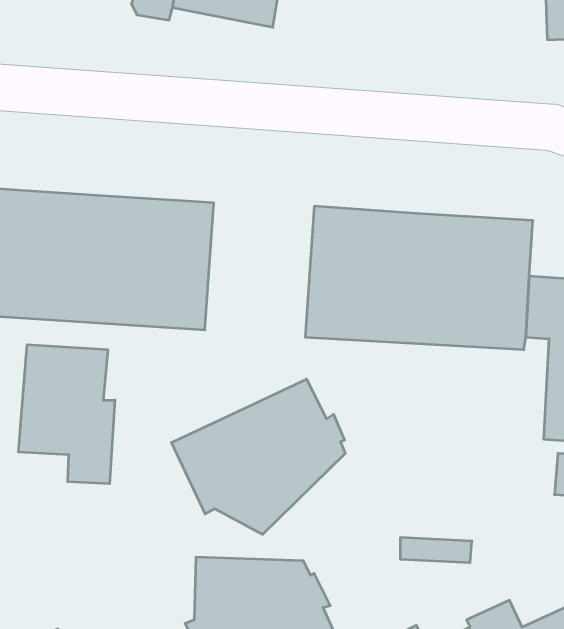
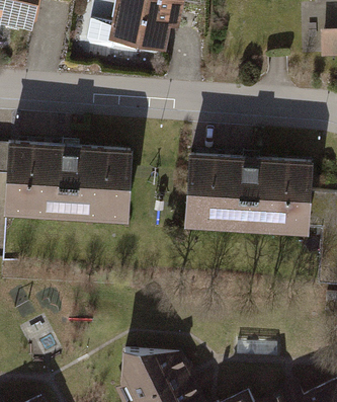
building: [18,345,115,484] -> none
building: [171,379,345,534] -> none

